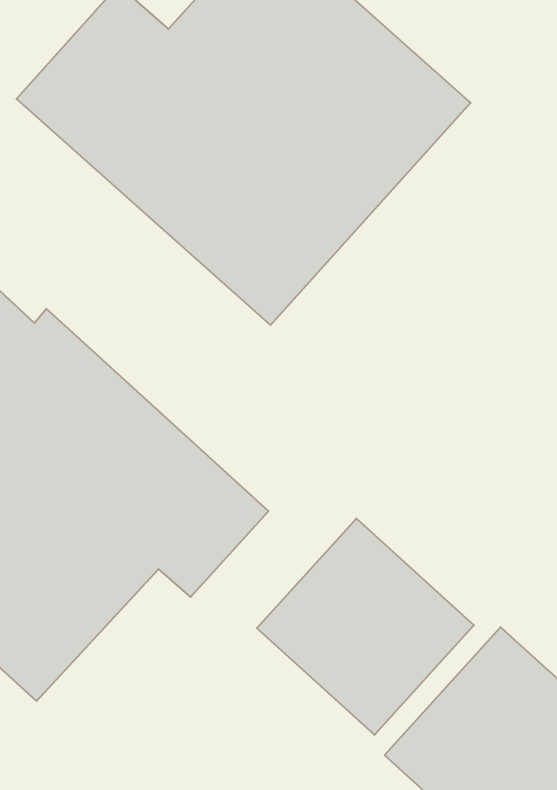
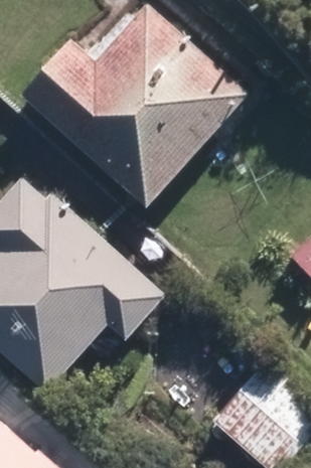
building: [257,518,474,735] -> none

